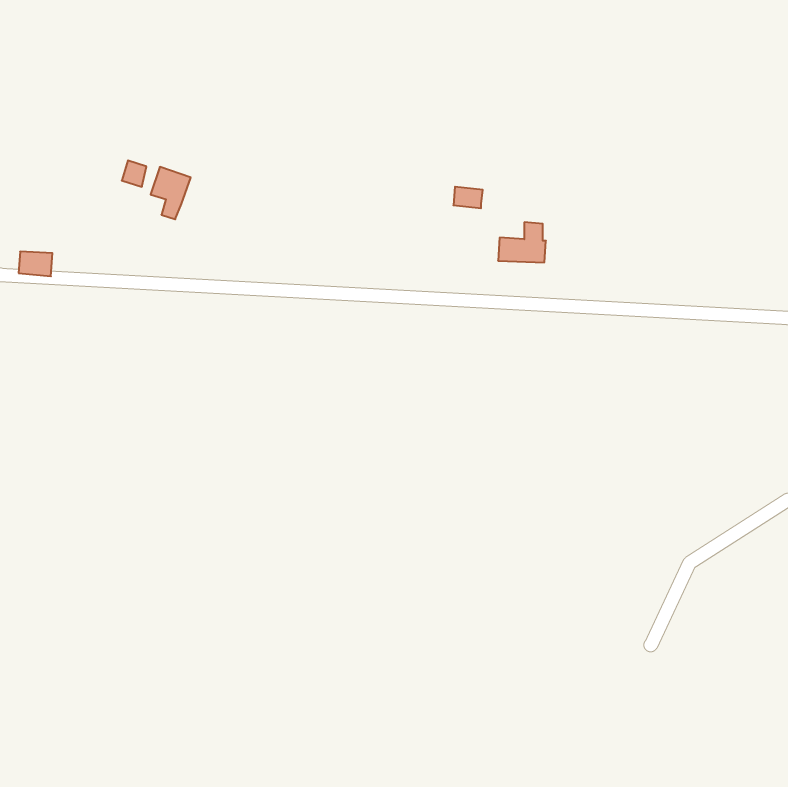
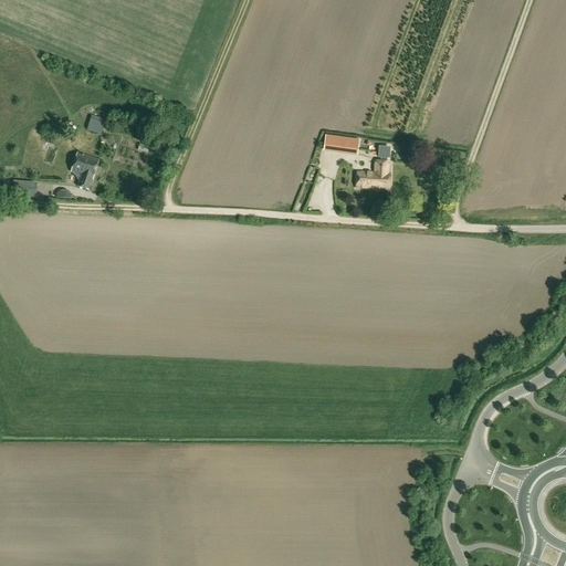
building: [151,167,191,219] -> [71,151,99,189]

